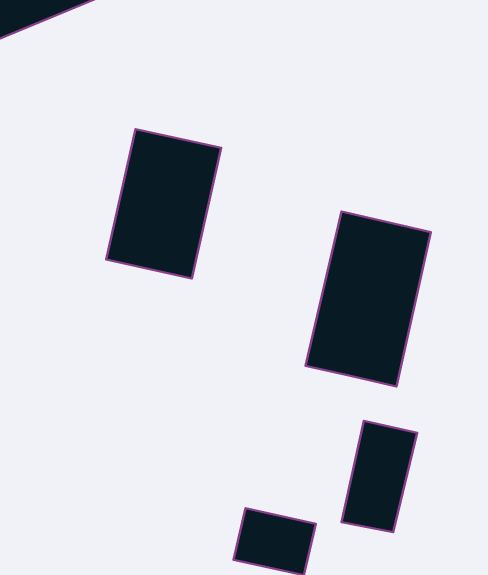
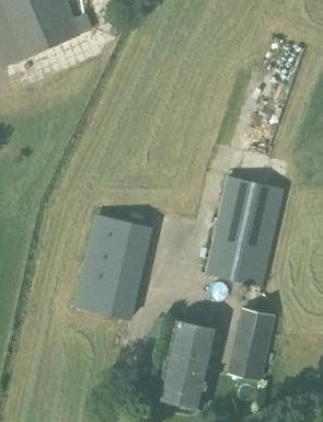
building: [106,129,221,278] -> [77,221,150,317]
building: none -> [166,320,221,374]

